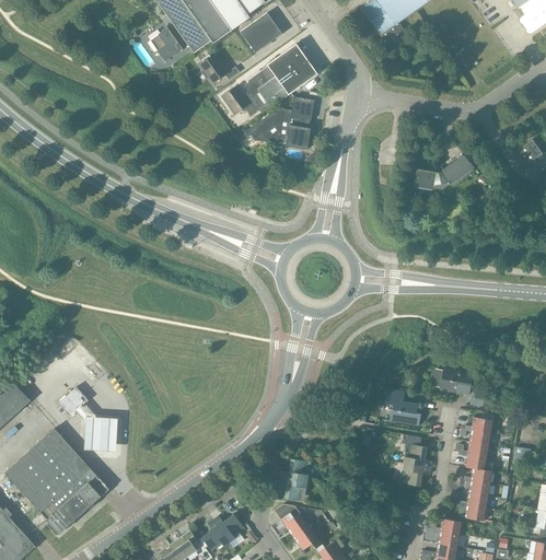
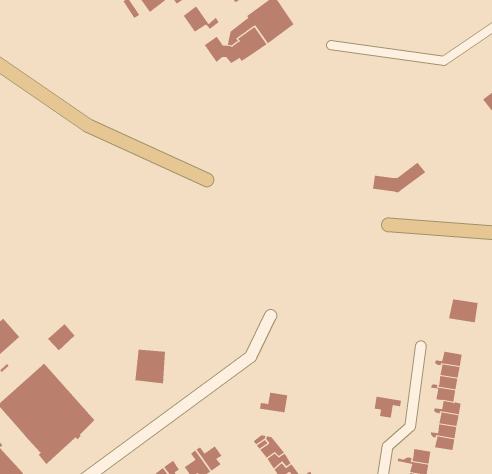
building: [247,97,314,150] -> none
building: [415,156,472,189] -> [372,162,426,193]
building: [440,369,472,394] -> [448,299,479,323]
building: [382,389,420,427] -> none
building: [83,418,116,454] -> [135,349,166,384]
building: [400,434,431,468] -> none
building: [279,477,307,502] -> none

